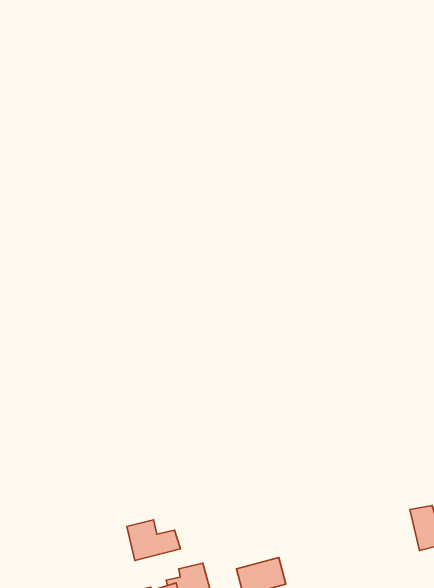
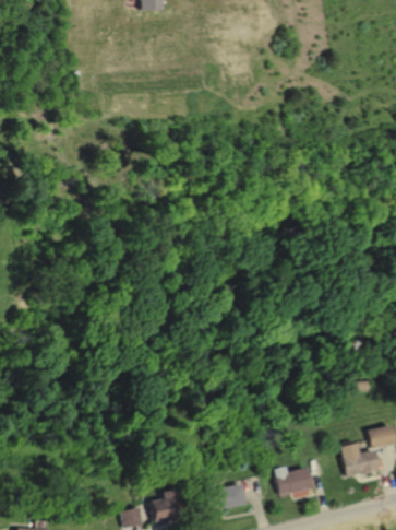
building: [127,520,181,560] -> none
building: none -> [275,467,313,498]

